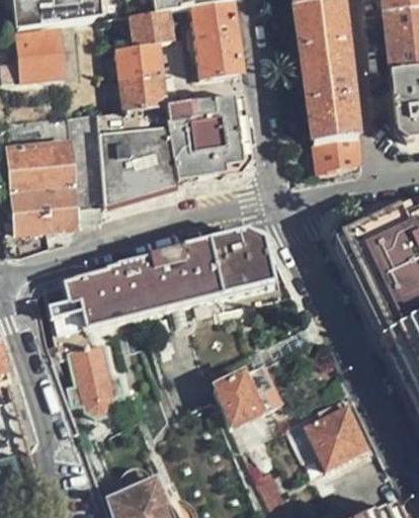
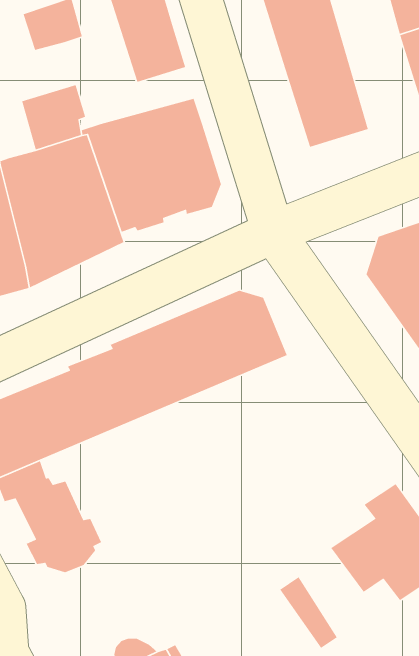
building: [115,40,160,76] -> none
building: [316,137,361,171] -> none
building: [216,364,282,425] -> none

